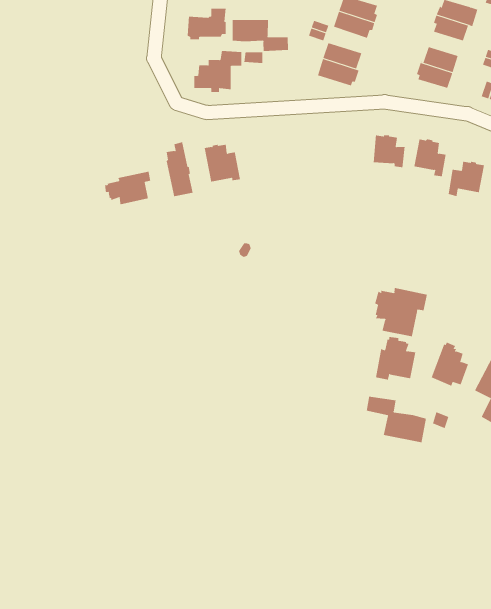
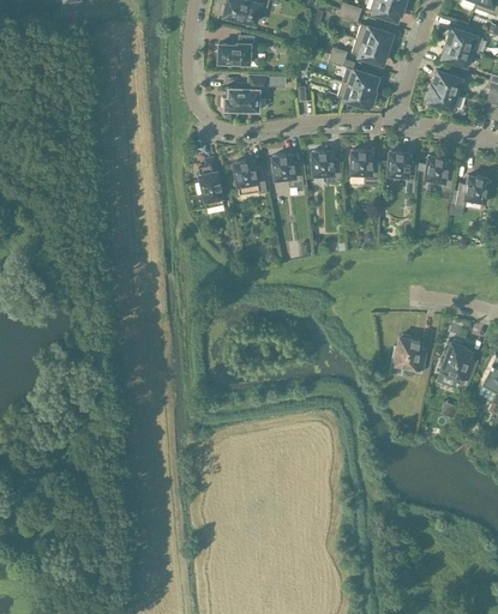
building: [232,19,289,52] -> none
building: none -> [350,149,379,186]
building: none -> [311,150,341,183]
building: none -> [271,154,304,187]
building: [105,171,151,205] -> none
building: [375,287,427,337] -> none
building: [366,396,427,443] -> none

